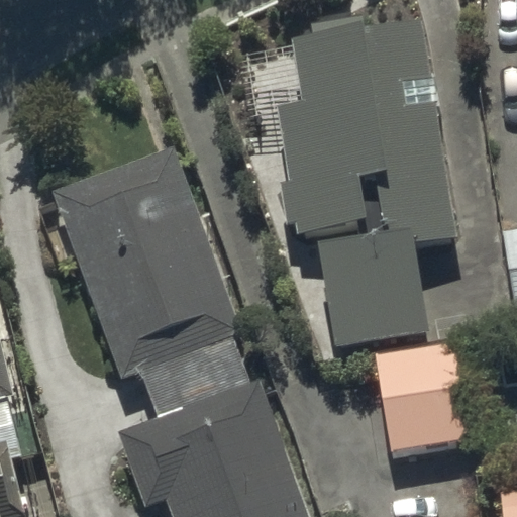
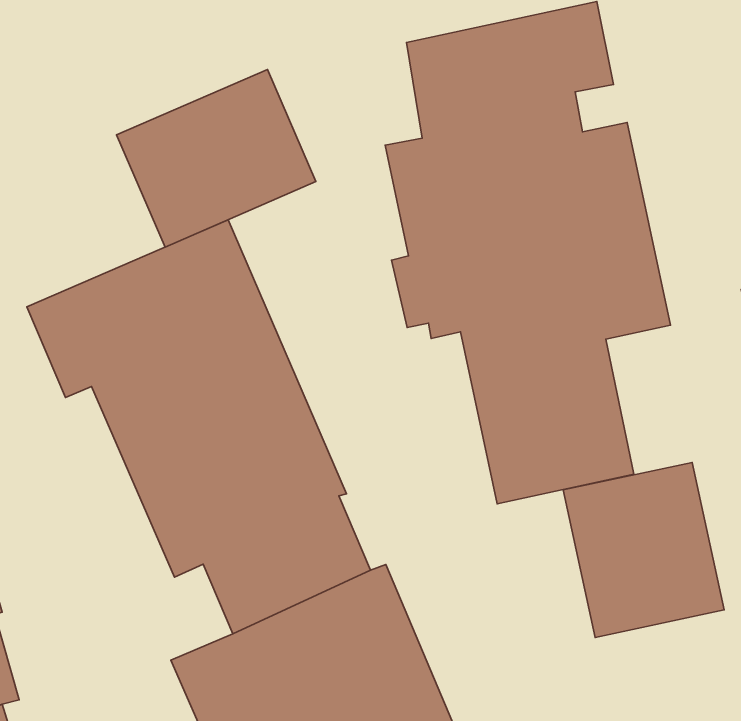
building: none -> [117,70,316,247]

